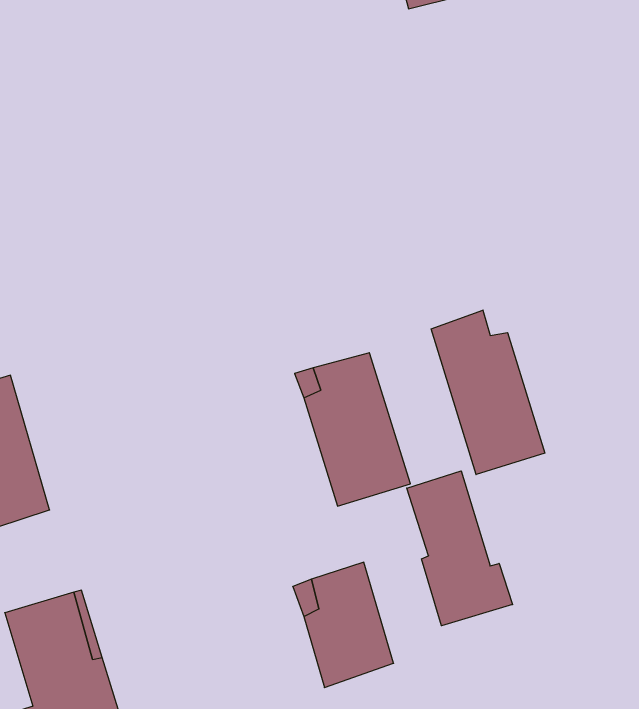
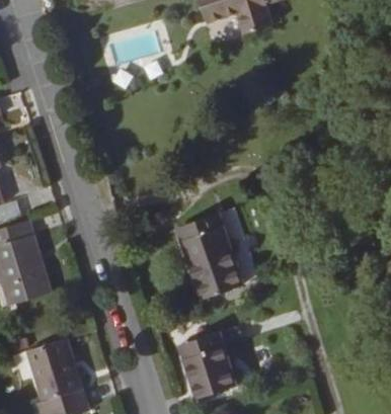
building: [431,310,545,475] -> none
building: [407,471,513,626] -> none

